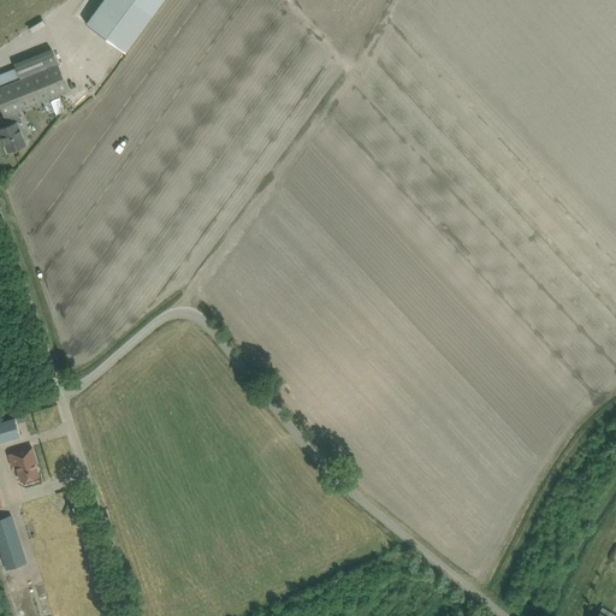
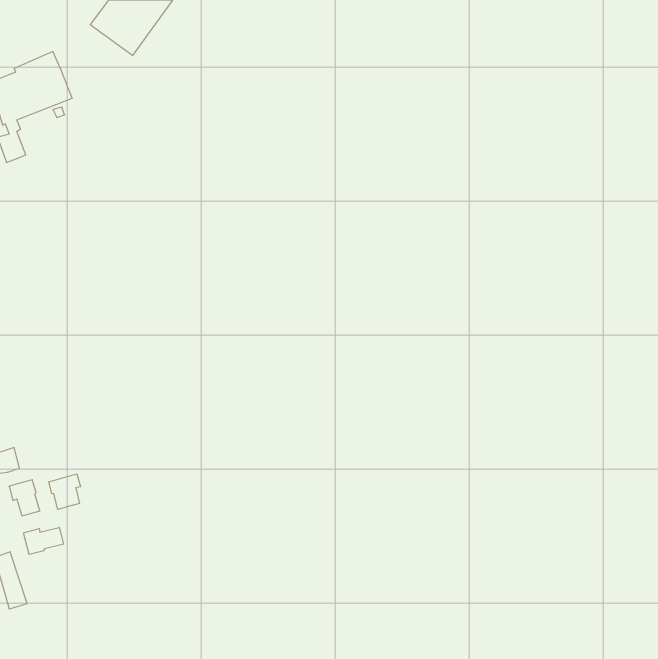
building: none -> [49,474,80,509]
building: none -> [23,527,64,554]

